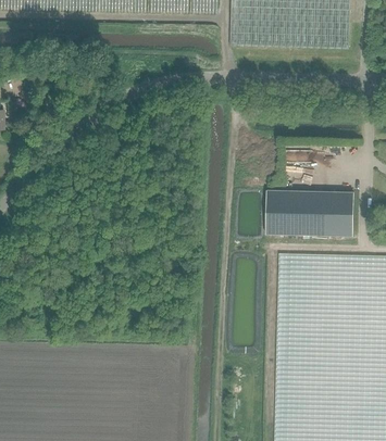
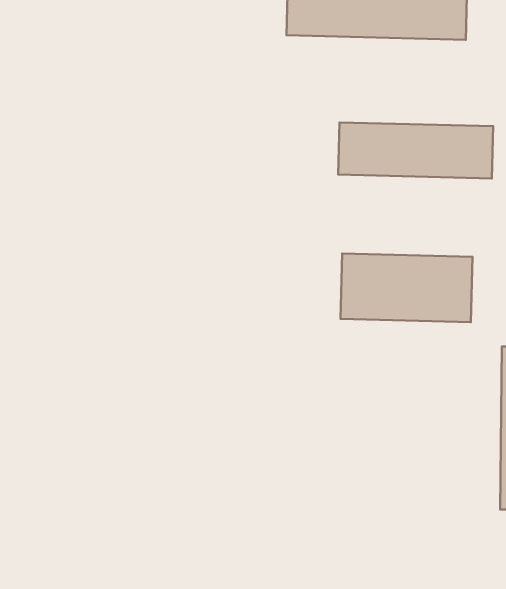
building: none -> [338,122,493,178]

